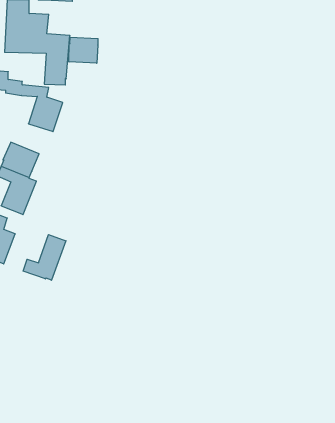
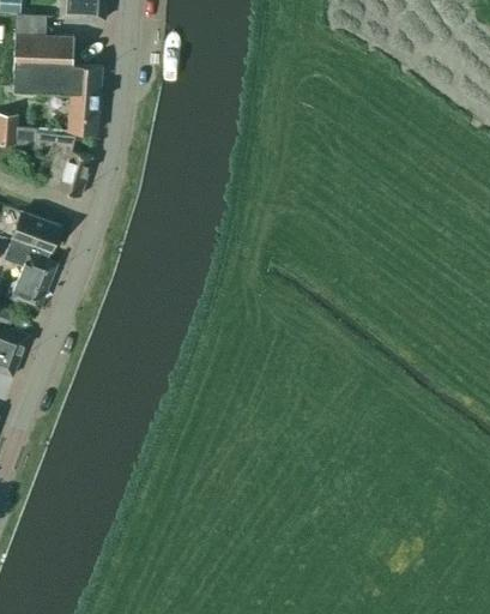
building: [69,37,98,63] -> none
building: [23,235,66,280] -> none

